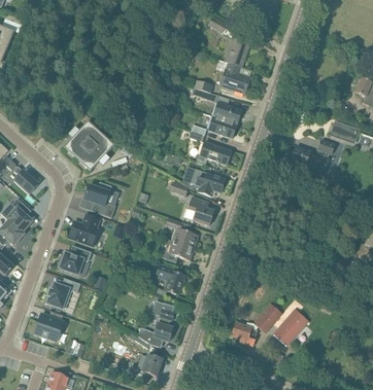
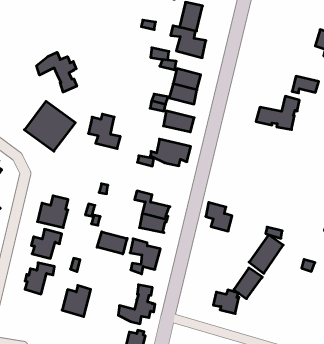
building: none -> [37,52,77,92]
building: [84,182,115,217] -> [88,114,120,149]
building: [189,196,214,225] -> [206,202,232,231]
building: none -> [97,232,127,254]
building: [273,309,308,346] -> [249,235,283,273]
building: [34,310,64,341] -> [62,285,91,317]

